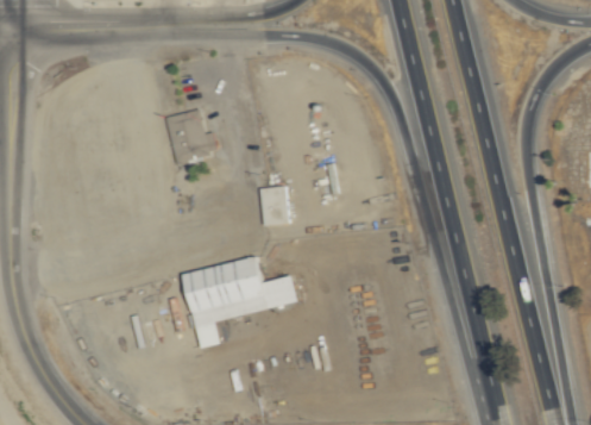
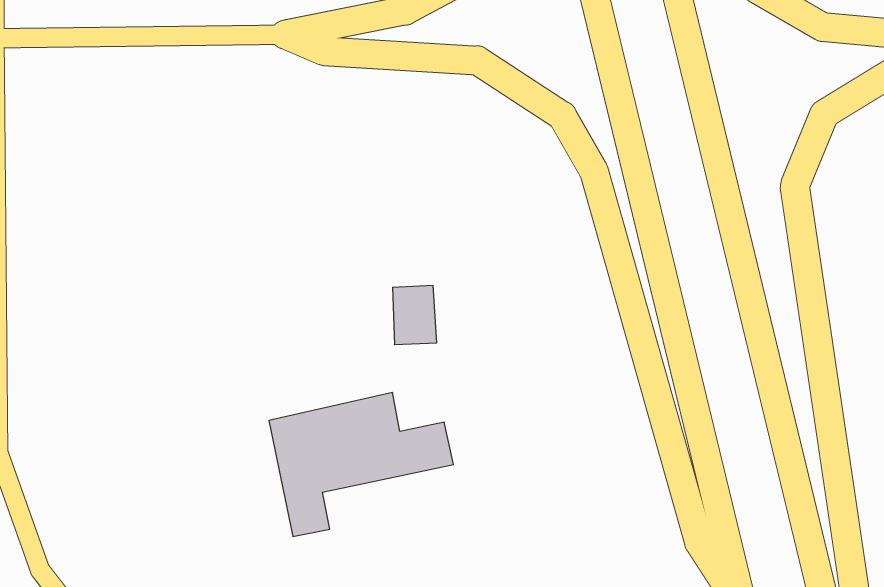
building: [165,111,215,161] -> none

